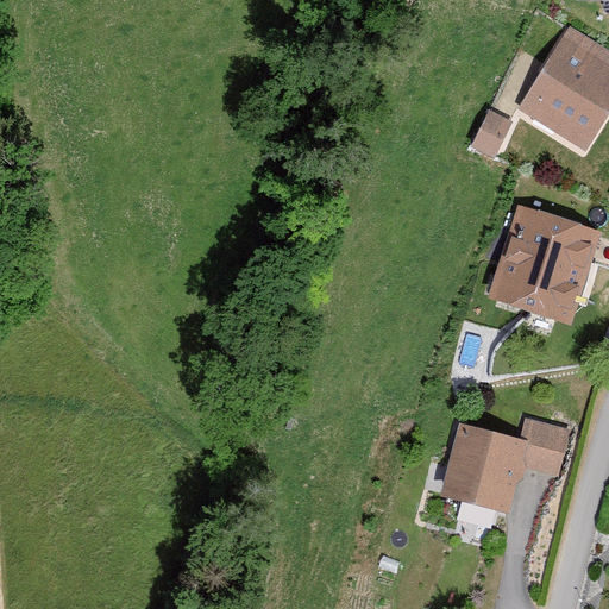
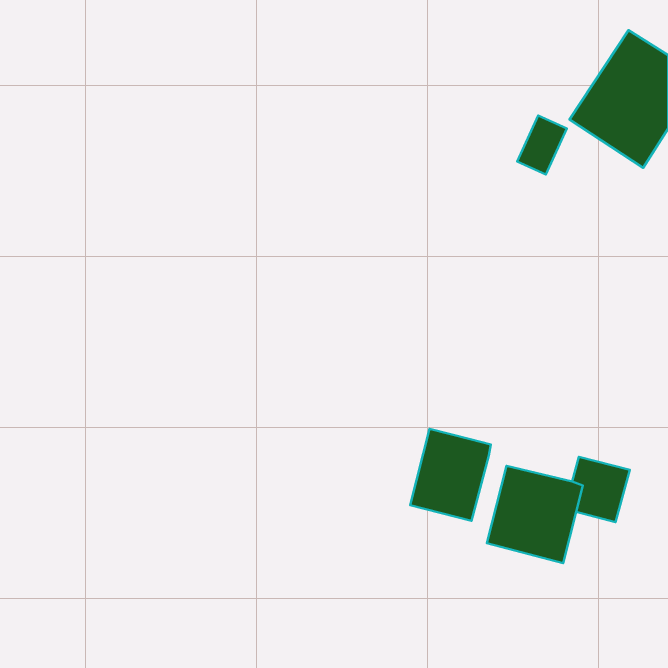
building: [489,202,599,321] -> none
building: none -> [410,429,491,521]

